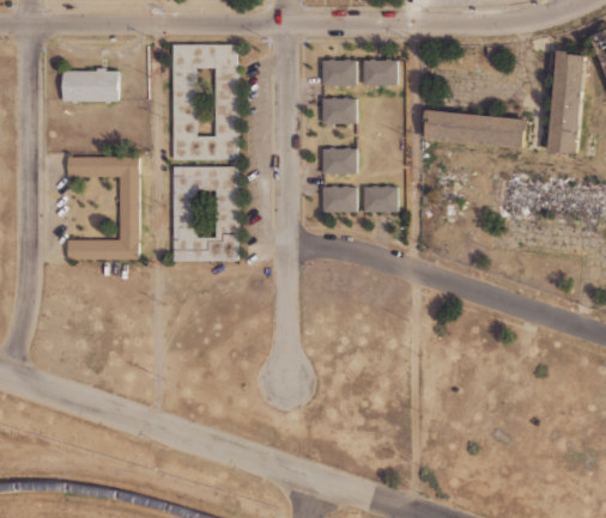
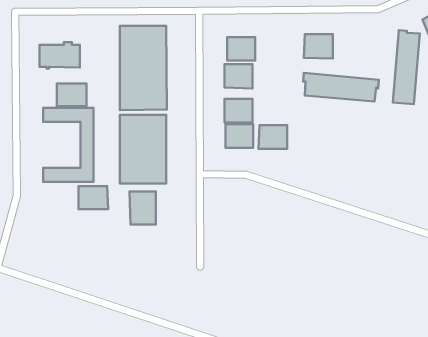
building: [363,57,402,91] -> [304,34,333,59]
building: none -> [57,84,86,106]
building: none -> [78,186,108,209]
building: none -> [130,191,156,224]

